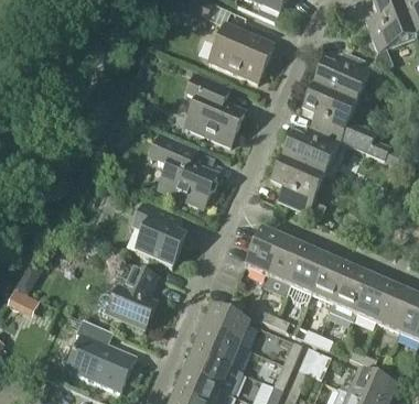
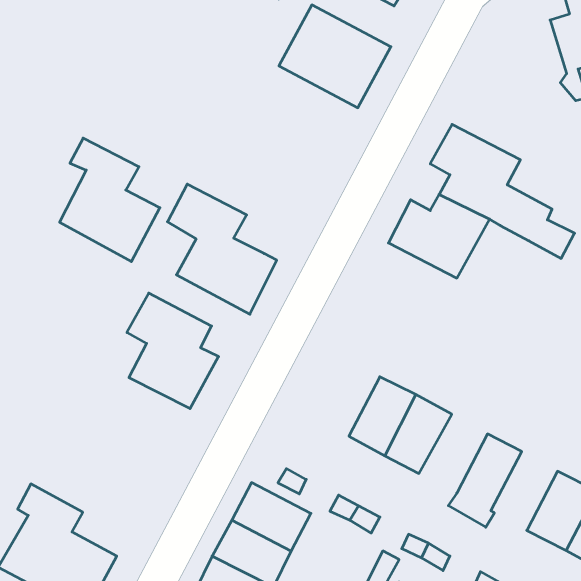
building: [313,50,373,103] -> none
building: [185,74,244,144] -> [60,138,160,262]
building: [270,159,324,217] -> none
building: [245,228,282,274] -> none
building: [310,256,348,303] -> none
building: [106,264,159,330] -> none
building: [354,275,391,321] -> none

